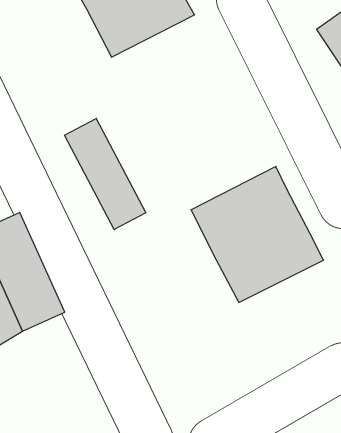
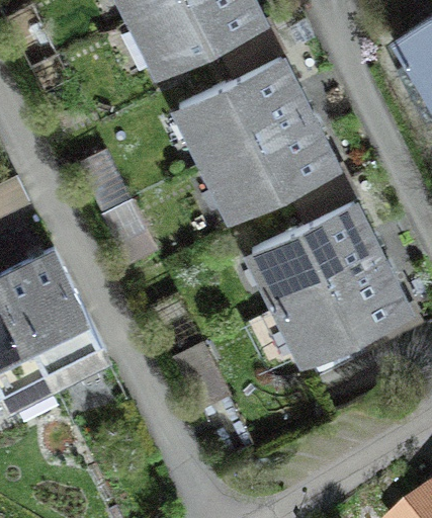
building: none -> [182,57,335,214]
building: [65,118,146,230] -> none

